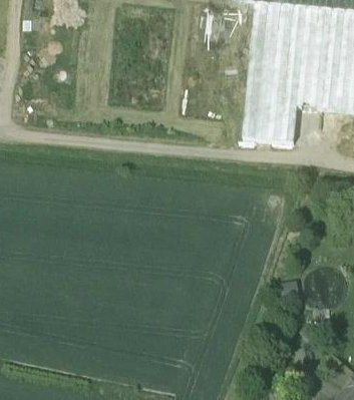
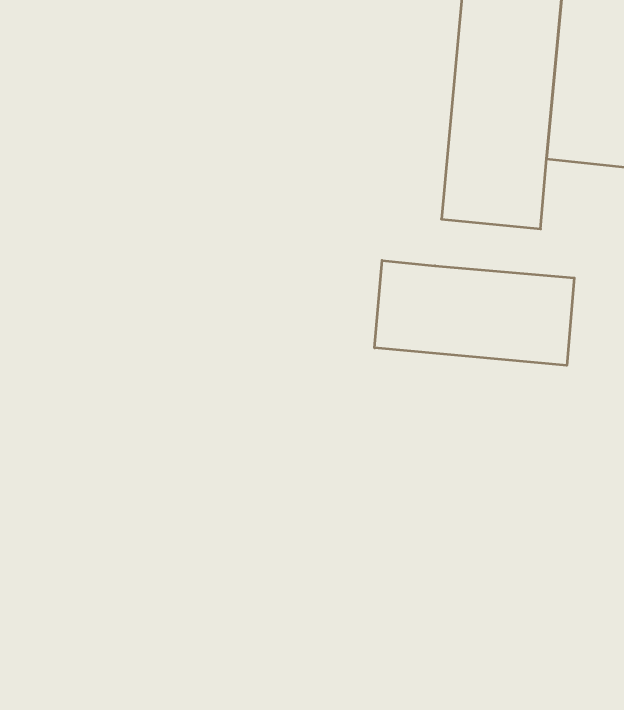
building: none -> [375,260,574,365]

